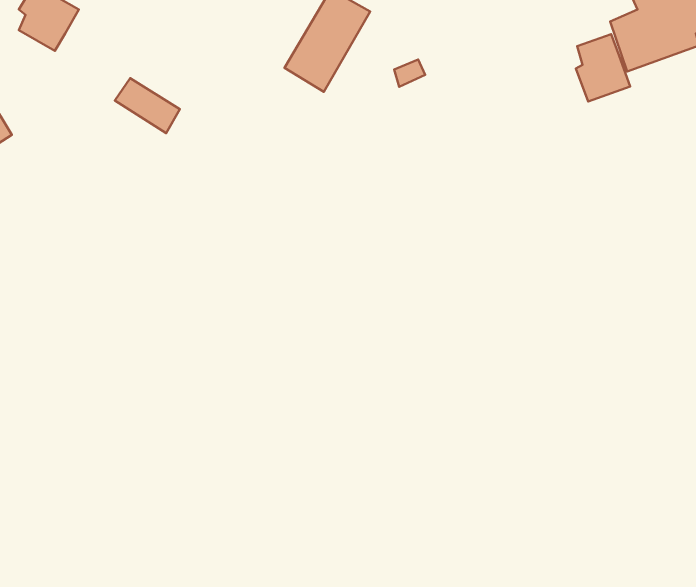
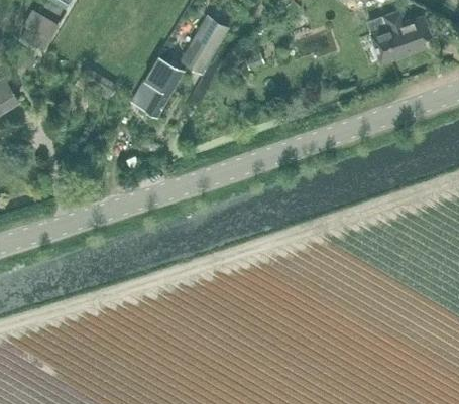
building: [576,34,630,101] -> none
building: none -> [133,56,184,118]

